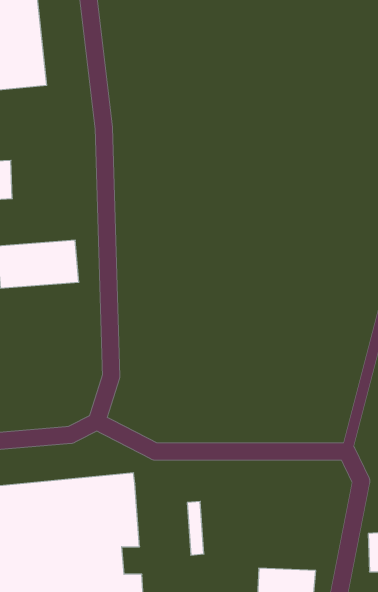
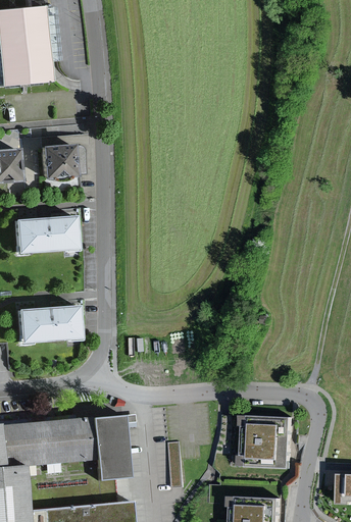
building: none -> [44,142,84,182]
building: none -> [18,306,84,346]
building: none -> [245,414,297,468]

